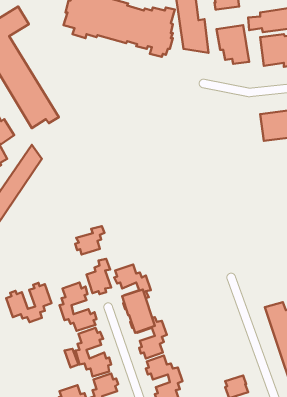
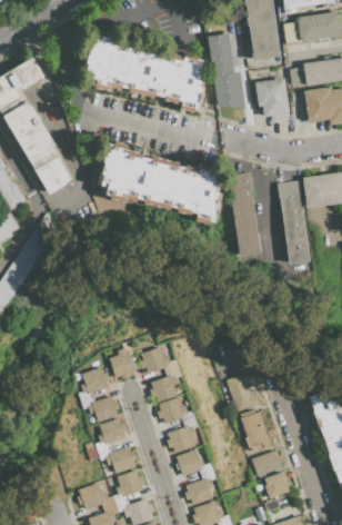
building: none -> [95,140,222,225]
building: none -> [228,172,262,257]
building: none -> [279,181,310,264]
building: [75,226,104,255] -> none
building: [6,283,51,322] -> none
building: none -> [225,373,259,412]
building: none -> [241,412,274,450]
building: none -> [251,450,283,475]

